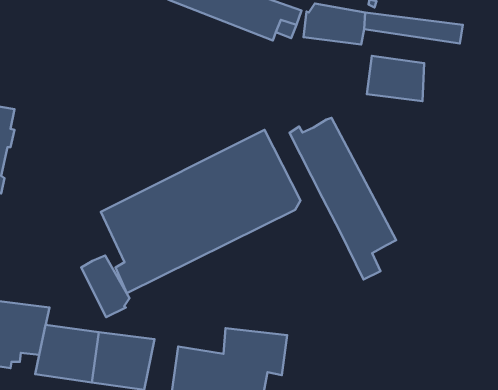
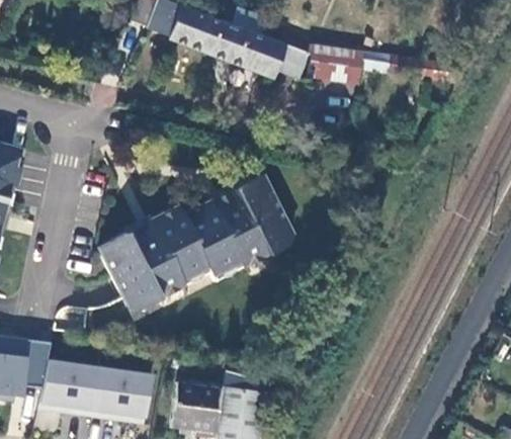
building: [367,56,424,101] -> none
building: [290,118,396,280] -> none
building: [81,255,130,317] -> none

